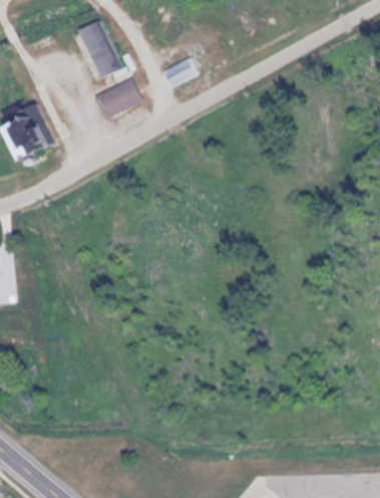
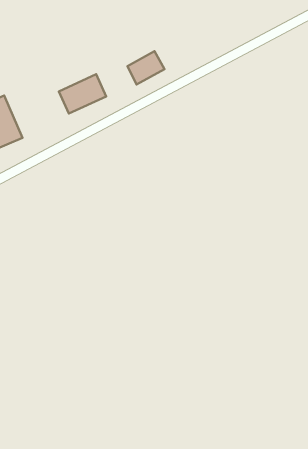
building: [76,19,122,78] -> none

